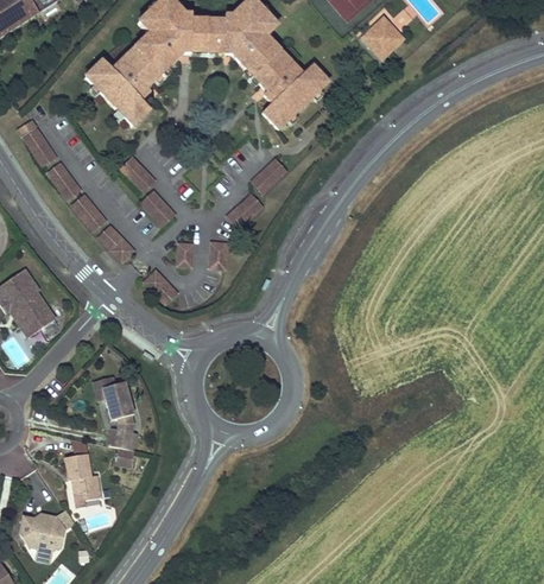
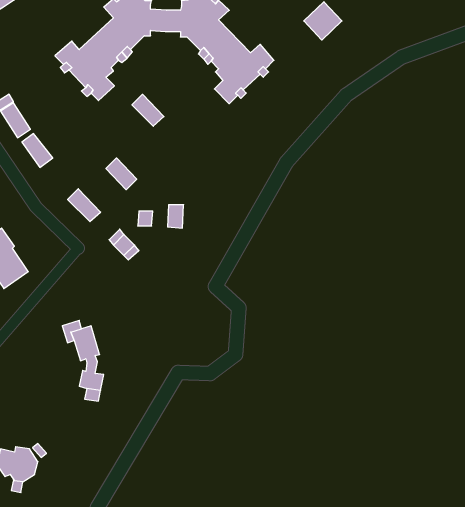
building: [120,155,156,191] -> [132,94,164,126]
building: [251,158,287,193] -> none
building: [70,193,106,231] -> none
building: [226,193,262,229] -> none
building: [63,452,100,499] -> none

